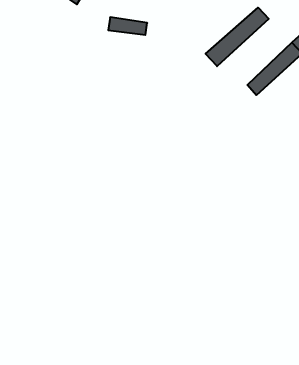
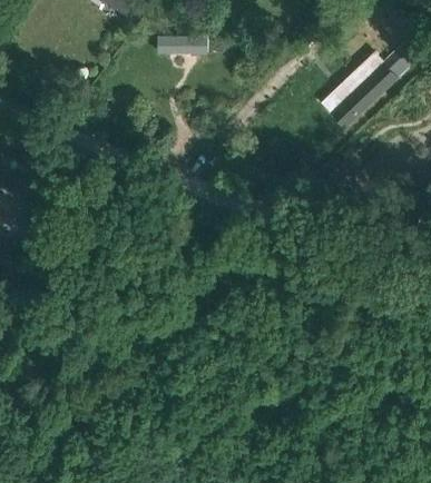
building: [206,8,269,66] -> none

